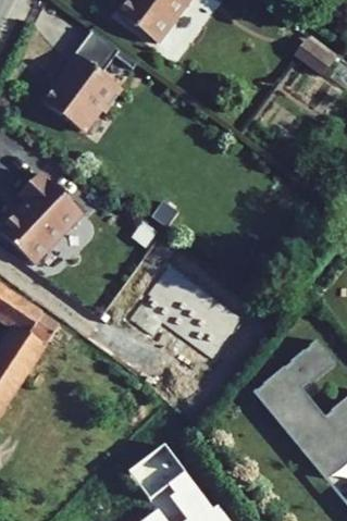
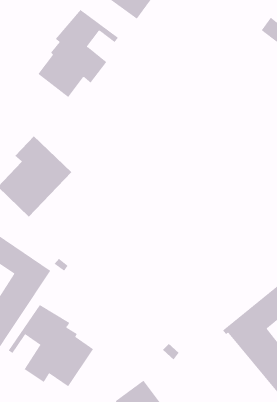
building: [132,264,245,359] -> none
building: none -> [8,304,94,387]

